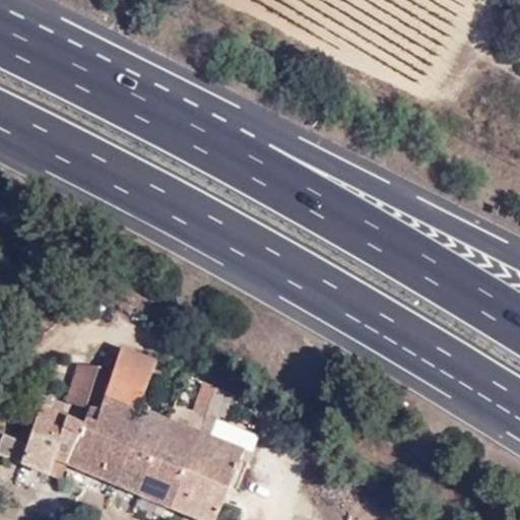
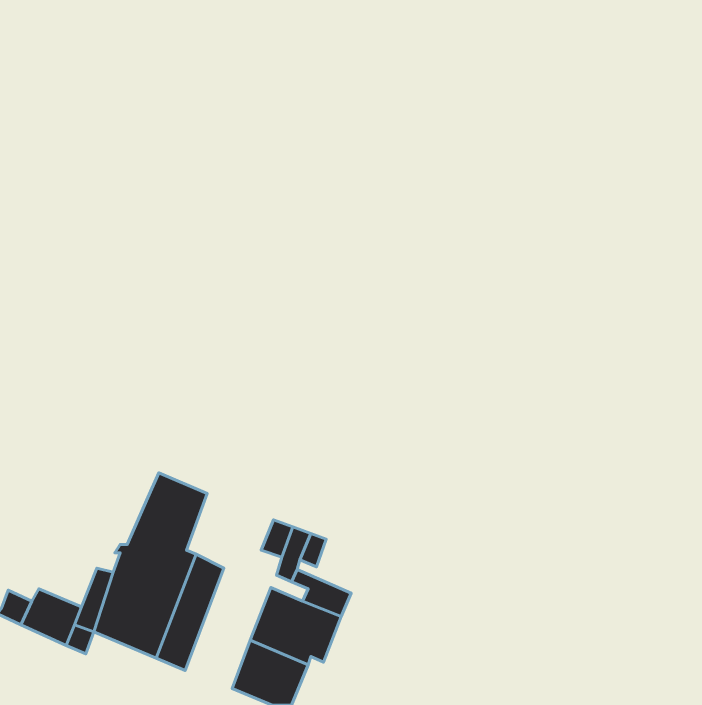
building: [65,364,109,406] -> none
building: [28,408,71,446] -> none
building: [136,417,199,506] -> none

